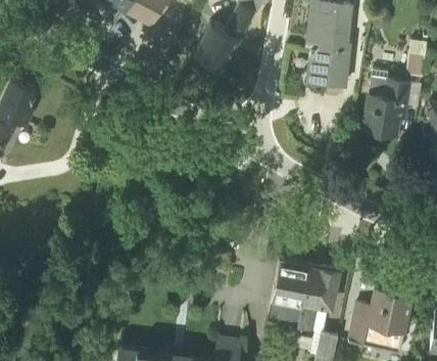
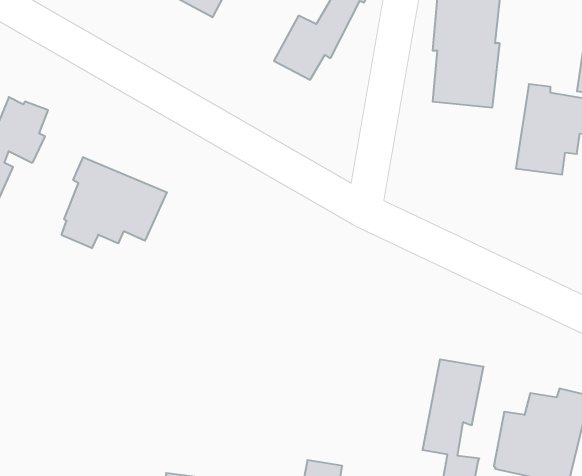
building: none -> [62,157,167,248]
building: [269,258,310,327] -> none

